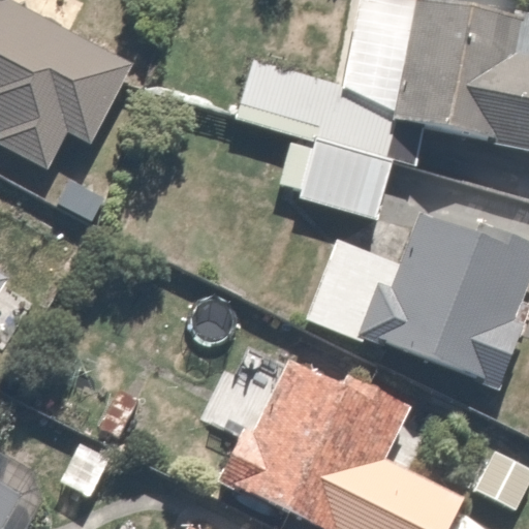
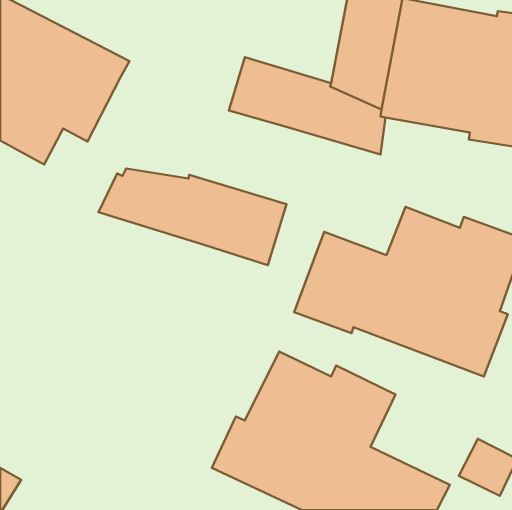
building: [279,130,393,220] -> none
building: none -> [99,168,286,265]

